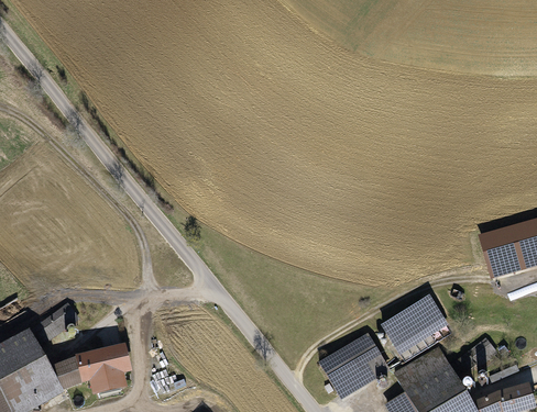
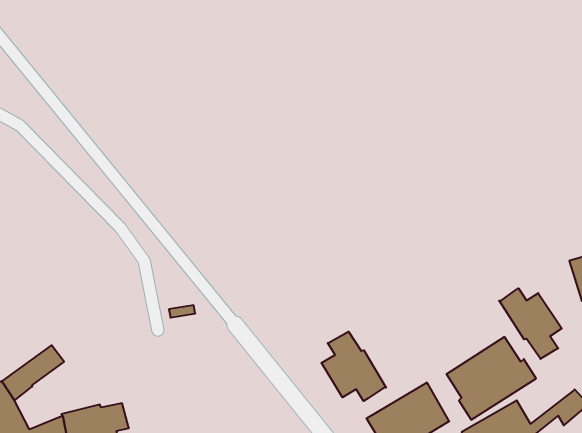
building: none -> [499,288,562,359]
building: none -> [321,332,386,401]

